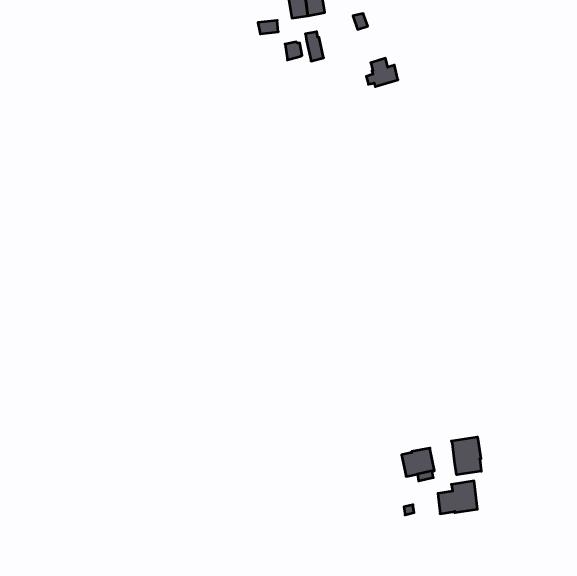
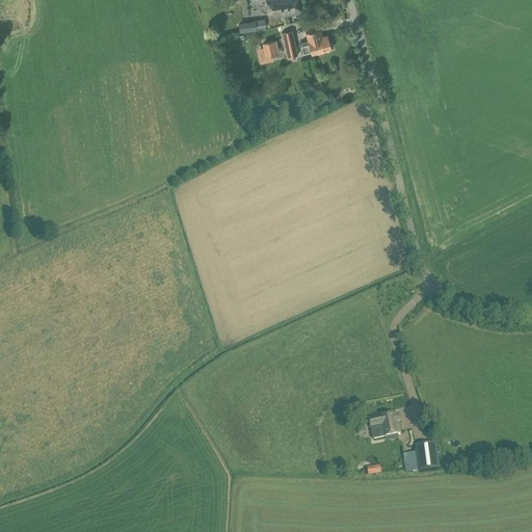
building: [366,58,398,87] -> [301,27,330,53]
building: [451,437,481,475] -> none

